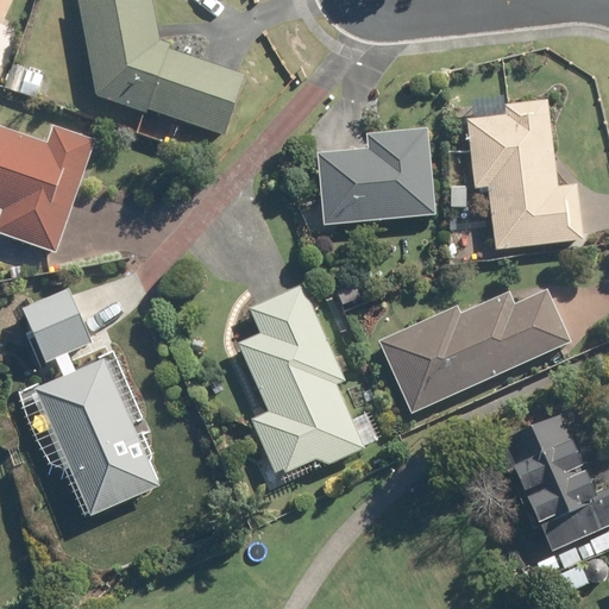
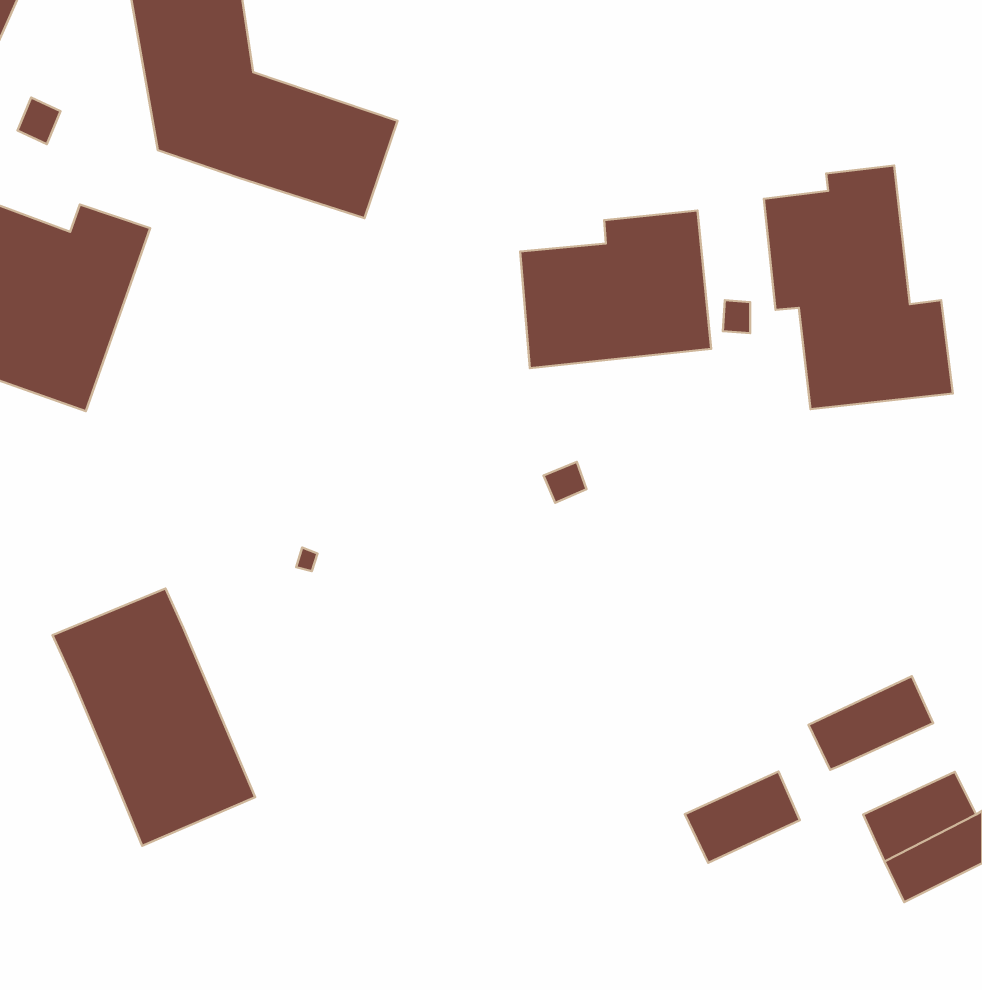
building: [12,283,82,358] -> none
building: [240,284,366,471] -> none
building: [379,289,571,412] -> none
building: [513,441,583,497] -> [685,771,800,863]

